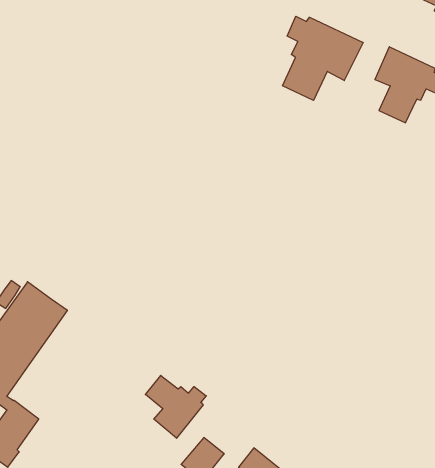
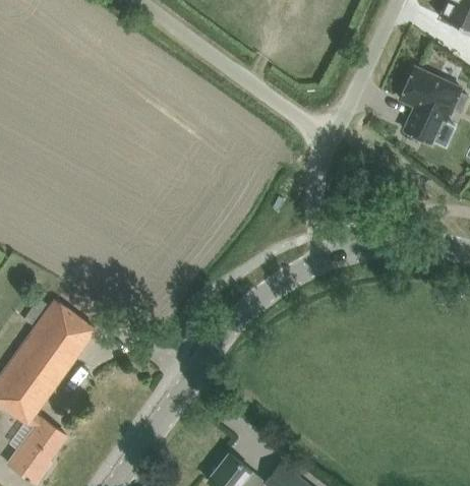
building: [282,16,363,100] -> none
building: [145,375,206,438] -> none

